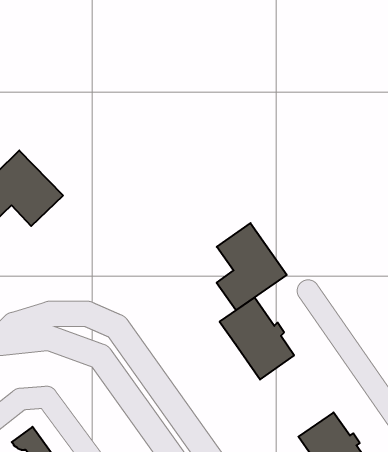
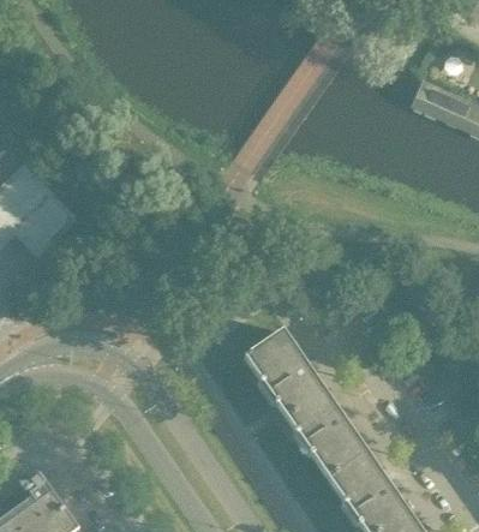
building: [217,223,287,310] -> none
building: none -> [288,390,369,479]

